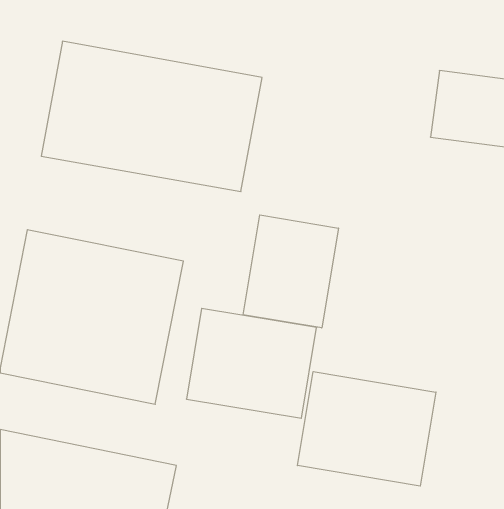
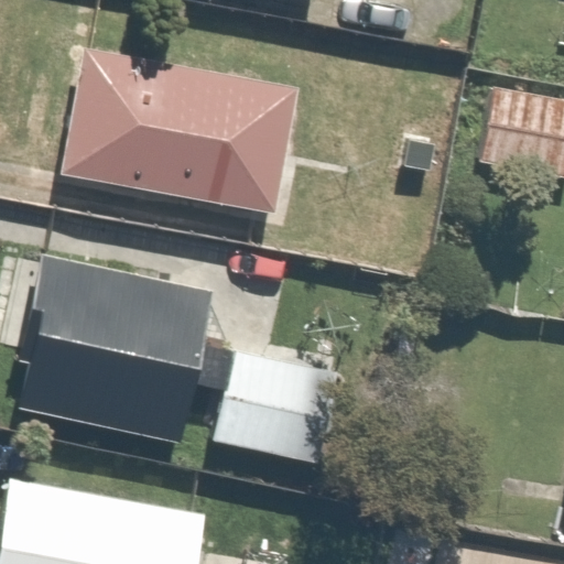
building: [243,215,338,328] -> none
building: [297,372,436,486] -> none

